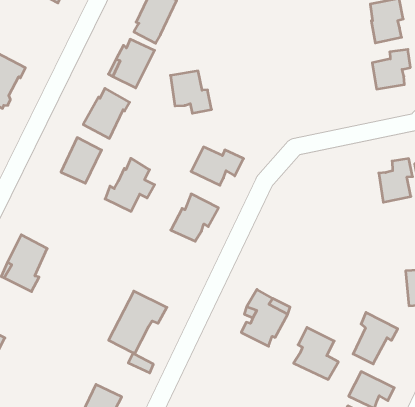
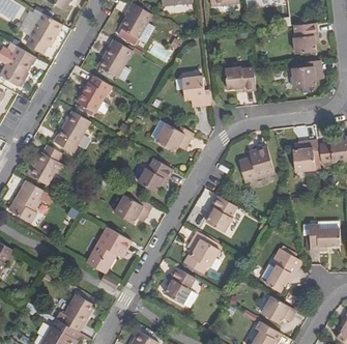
building: none -> [26,11,62,52]
building: none -> [225,66,256,90]
building: [170,71,212,113] -> [181,76,210,107]
building: [105,158,155,211] -> [27,143,64,182]
building: none -> [238,145,274,181]
building: none -> [206,195,237,232]
building: none -> [114,194,151,223]
building: [294,327,338,379] -> [165,266,198,306]

